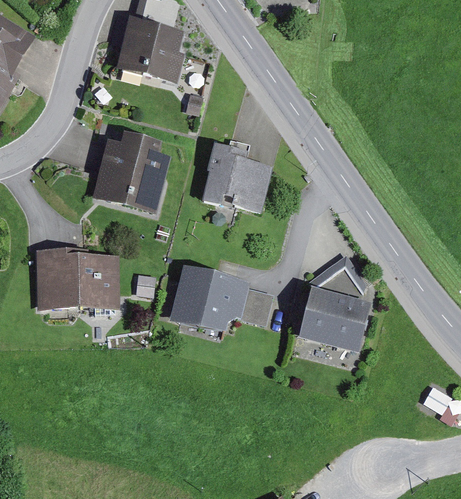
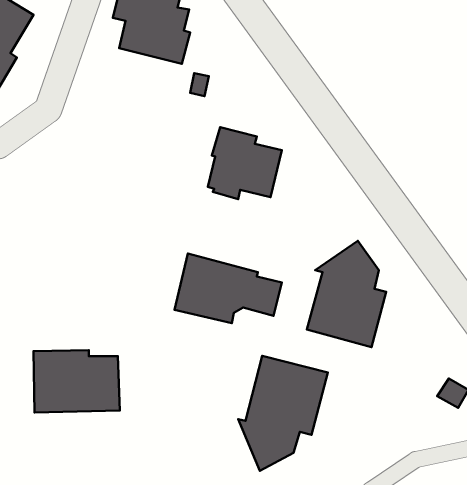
building: [92,130,171,212] -> none
building: [36,248,119,308] -> [33,350,120,413]
building: none -> [238,356,328,471]

